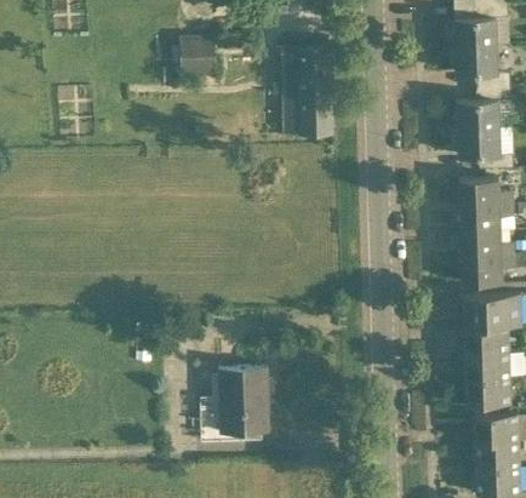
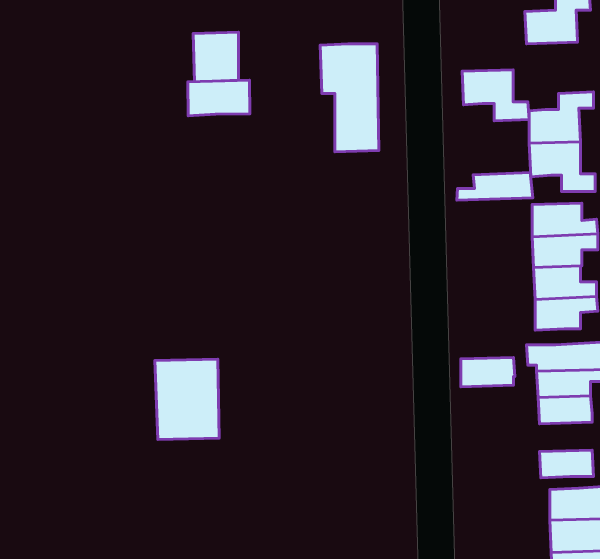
building: [453,45,509,87] -> [462,70,529,121]
building: none -> [188,80,250,116]
building: none -> [457,172,533,200]
building: [464,360,509,384] -> [461,357,515,387]
building: [215,368,268,435] -> [155,359,219,440]

